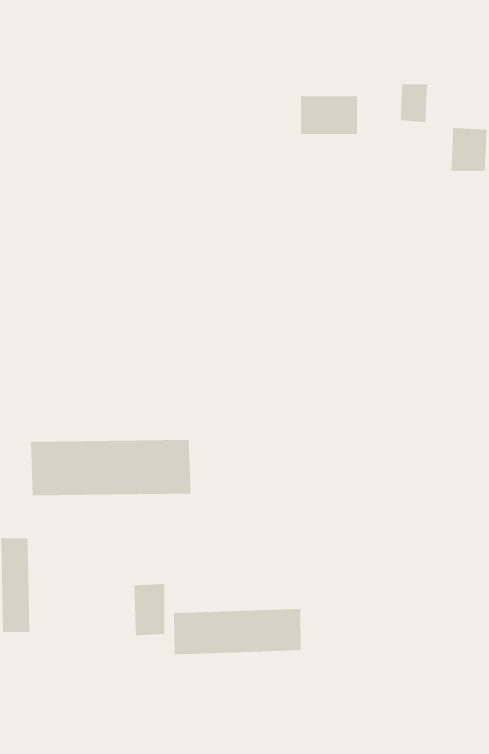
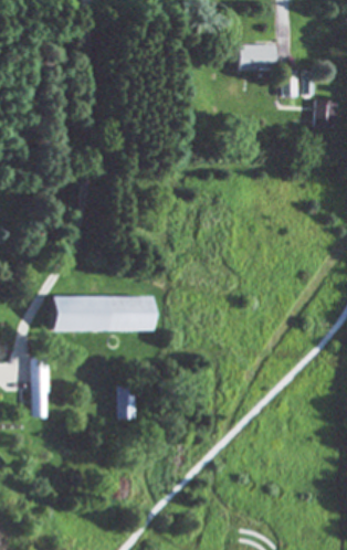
building: [300,96,358,135] -> [241,45,277,70]
building: [174,608,301,655] -> none

